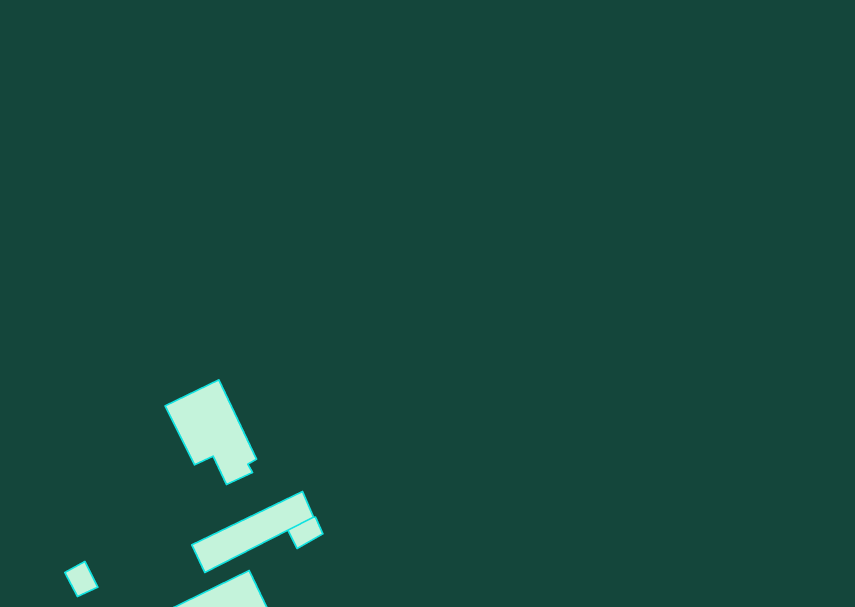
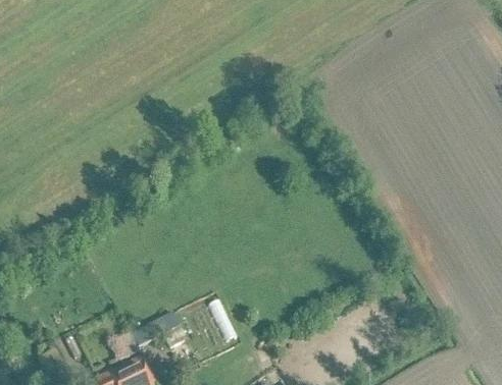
building: [165,380,257,485] -> none

